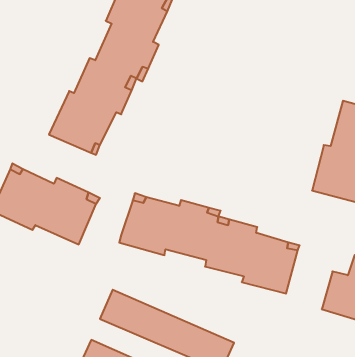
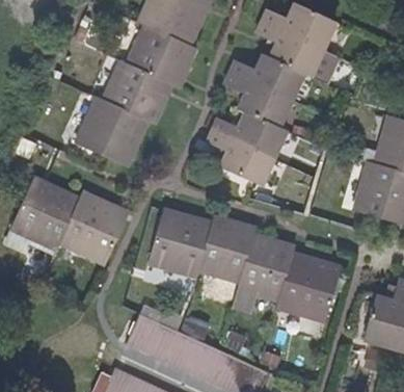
building: none -> [207,8,335,186]

